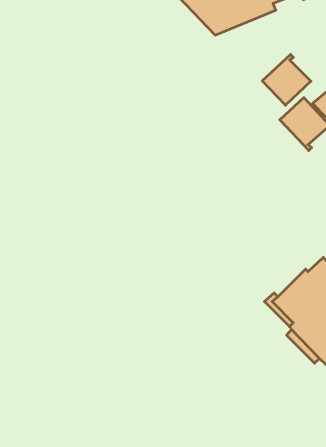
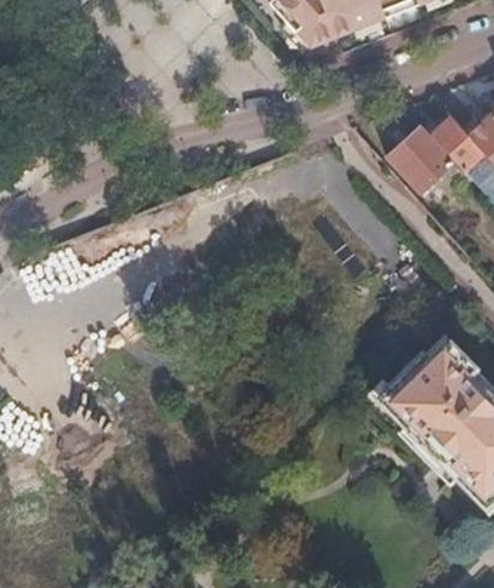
building: [262,54,311,105] -> none

